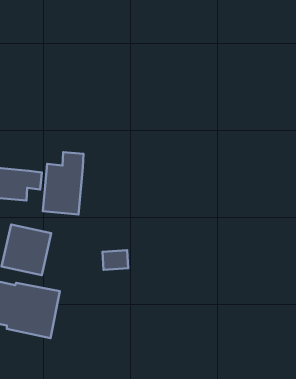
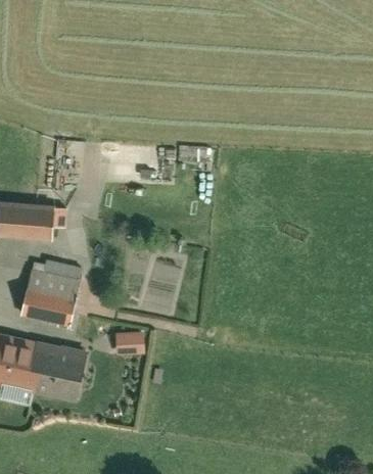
building: [43,152,83,215] -> none
building: [103,250,128,270] -> [115,331,146,354]

